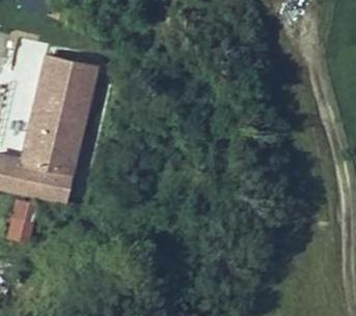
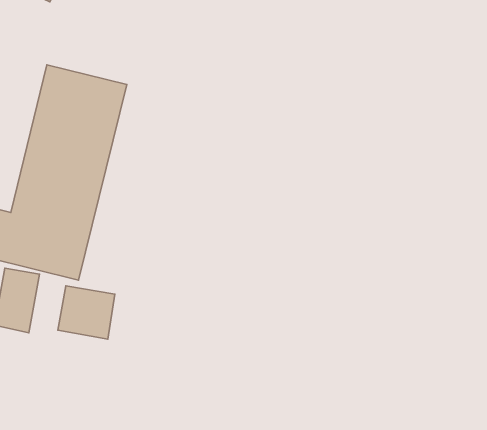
building: none -> [58,286,115,339]

